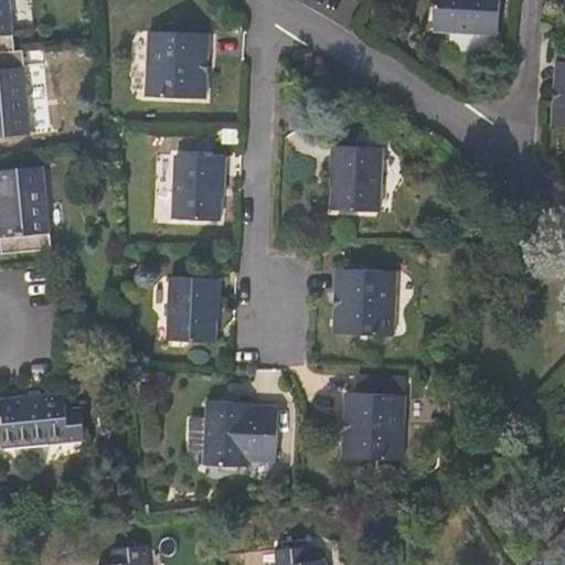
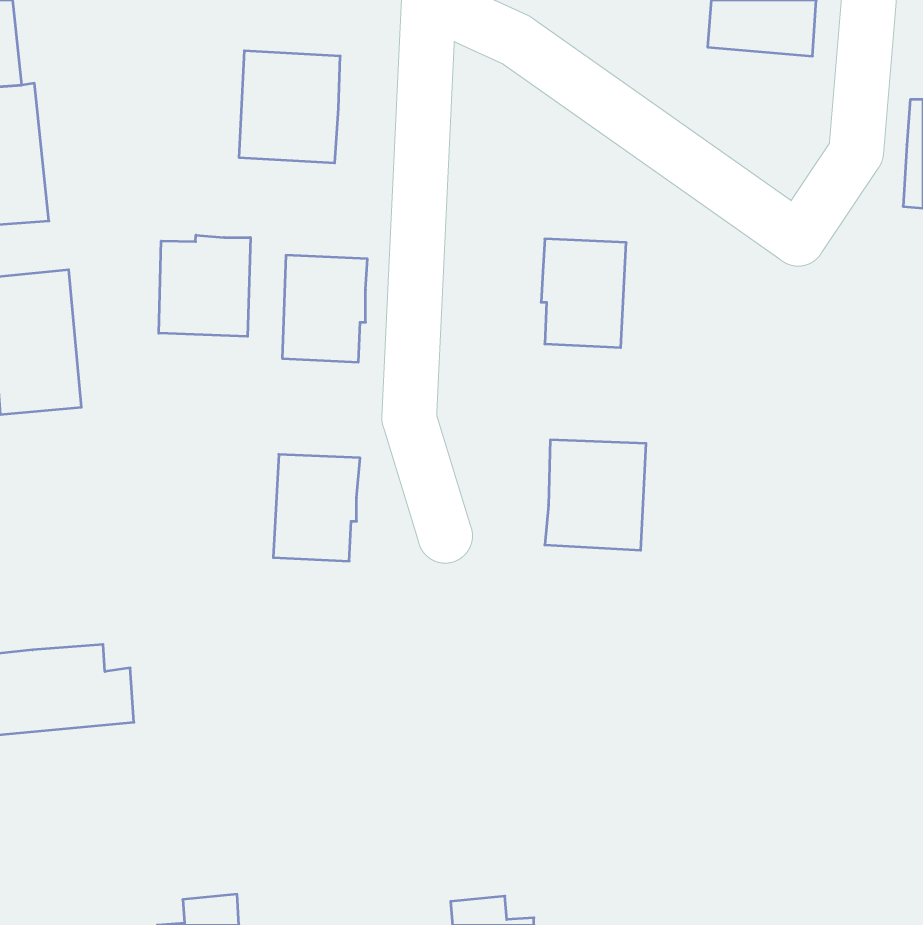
building: none -> [159,235,250,336]
building: [342,376,404,460] -> none
building: [186,401,276,467] -> none

